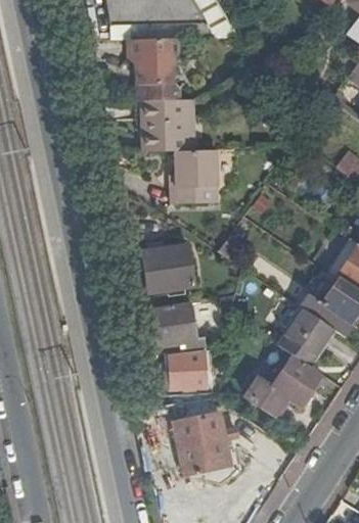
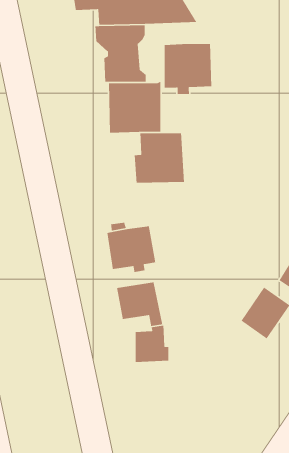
building: none -> [164,43,212,95]
building: [244,358,319,415] -> none
building: [170,416,229,477] -> none

